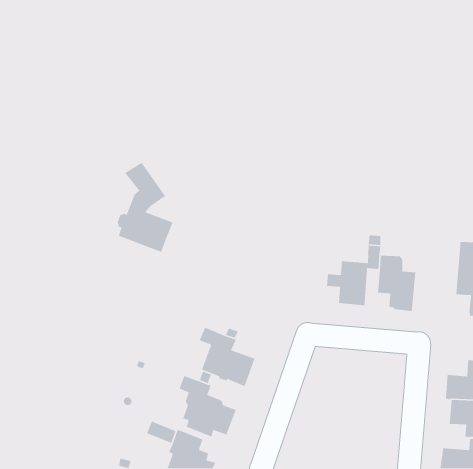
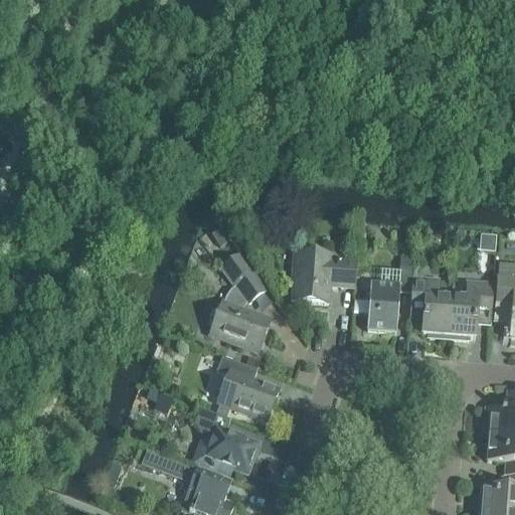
building: [117,162,173,253] -> [210,251,272,350]
building: none -> [294,250,357,301]
building: none -> [449,280,494,338]

